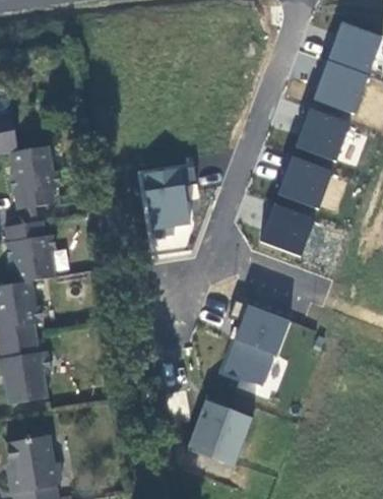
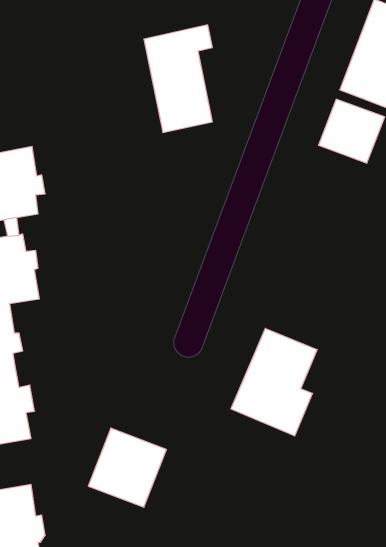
building: [276,153,333,208] -> none
building: [137,161,196,253] -> [144,25,212,132]
building: [258,200,316,256] -> none
building: [187,397,254,465] -> [88,428,166,507]

